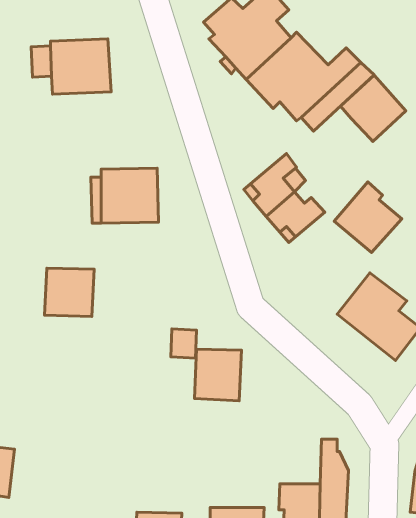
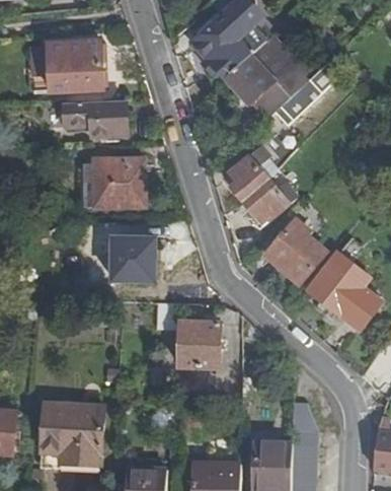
building: [340,75,406,141] -> none
building: none -> [64,100,128,136]
building: [334,182,402,253] -> [265,220,326,284]
building: [45,268,94,316] -> [111,237,156,281]
building: none -> [40,404,103,466]

